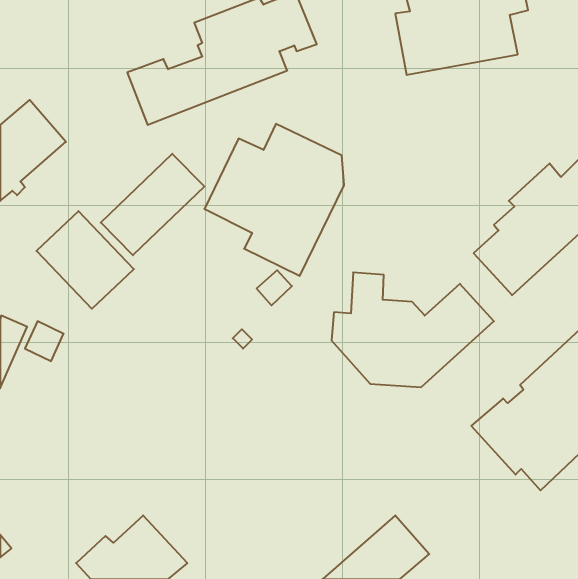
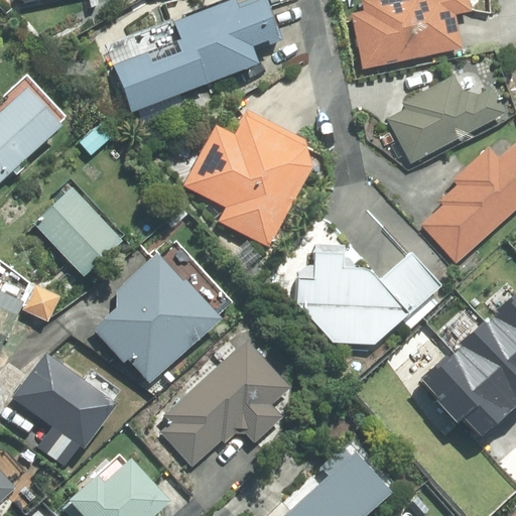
building: none -> [387,75,505,162]
building: [101,154,204,255] -> none
building: none -> [93,253,222,382]
building: none -> [160,339,290,467]
building: none -> [12,352,115,466]

